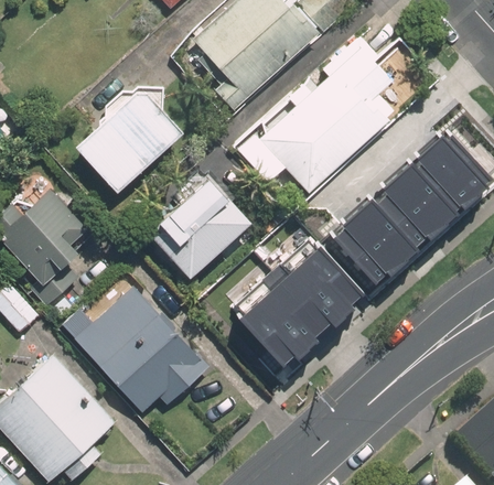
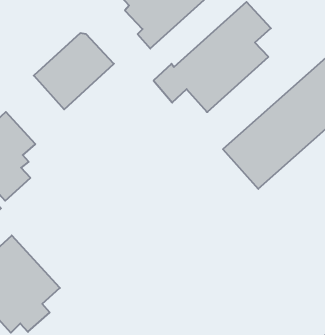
building: [131,177,246,280] -> none
building: [236,247,359,366] -> none
building: [62,284,208,412] -> none

